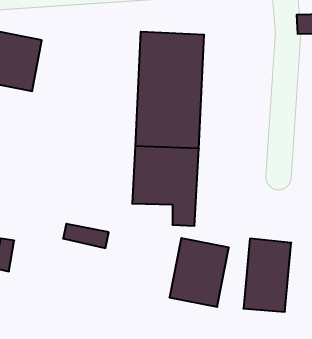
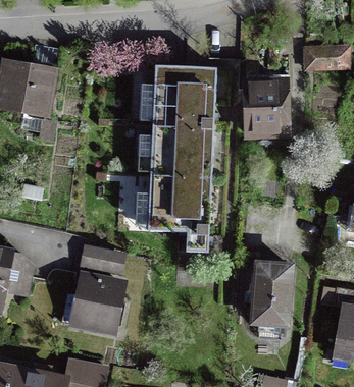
building: none -> [243,69,283,127]
building: [169,238,229,307] -> [68,271,125,337]

